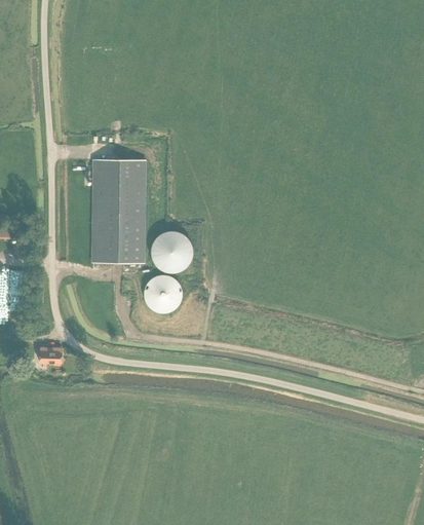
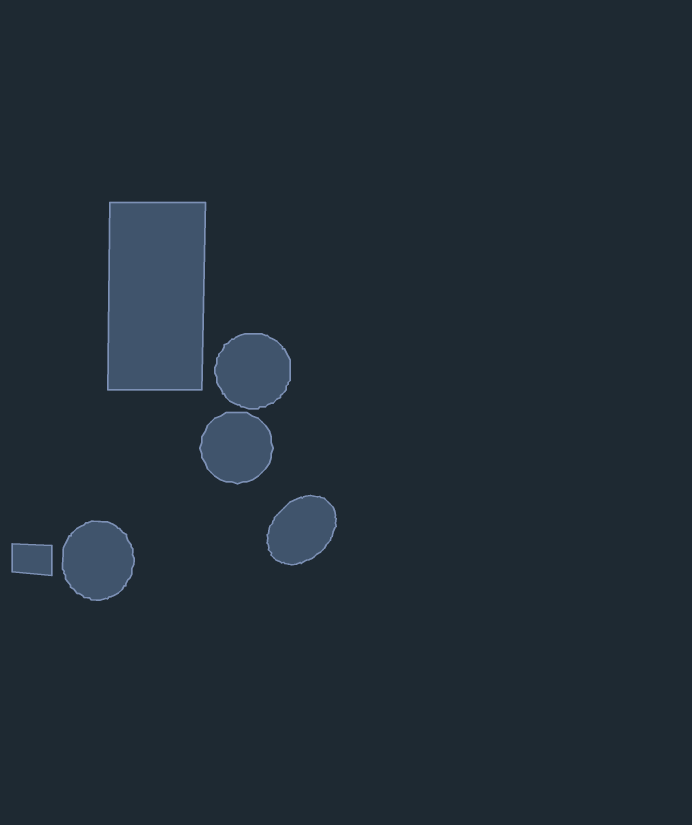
building: none -> [267,496,336,565]
building: none -> [62,521,134,600]

